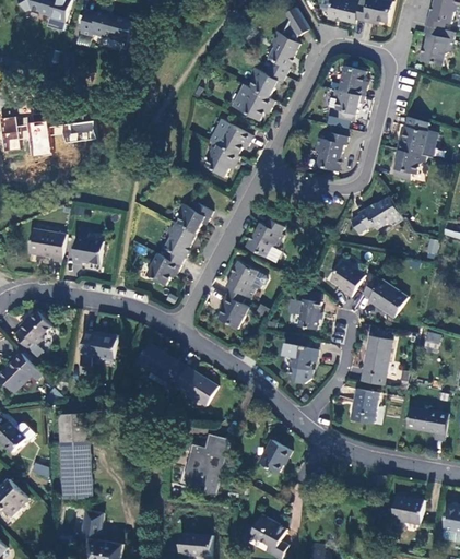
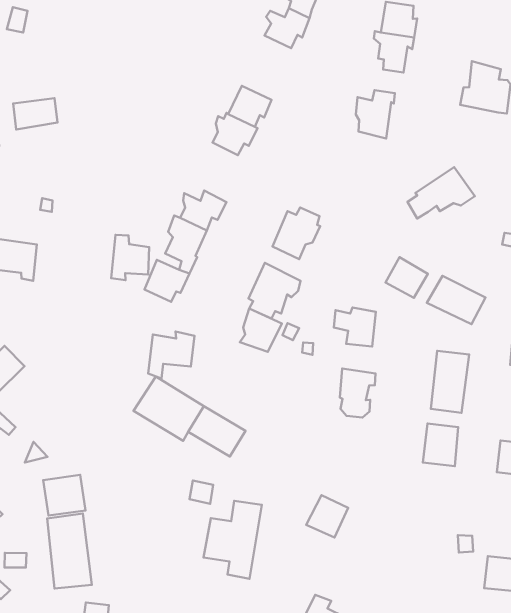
building: [233,84,274,120] -> none
building: [392,148,424,180] -> none
building: [74,230,105,265] -> [111,235,149,280]
building: [80,329,117,364] -> [148,331,195,378]

